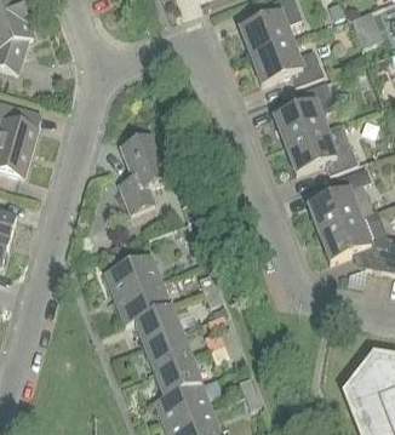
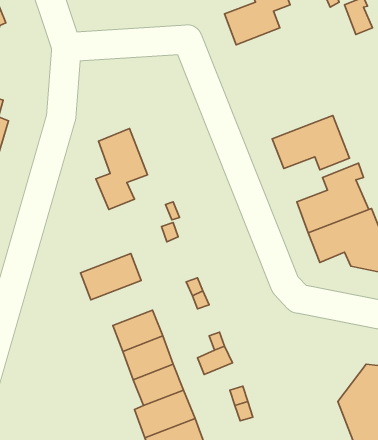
building: [250,40,322,85] -> none
building: [273,81,334,144] -> none
building: [113,277,171,324] -> none

